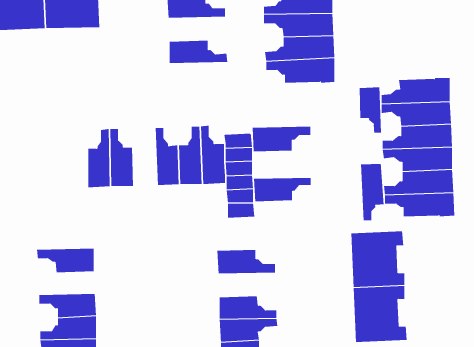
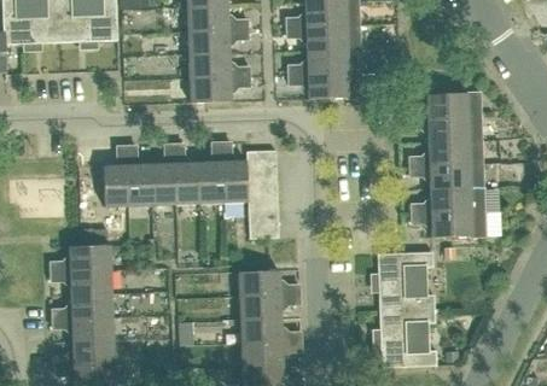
building: none -> [187,29,248,54]
building: [359,87,381,134] -> none
building: [252,126,311,152] -> [188,76,250,103]
building: none -> [151,144,176,205]
building: [361,163,384,221] -> none
building: [253,177,312,202] -> [239,294,299,320]
building: none -> [51,245,111,270]
building: none -> [53,293,112,317]

